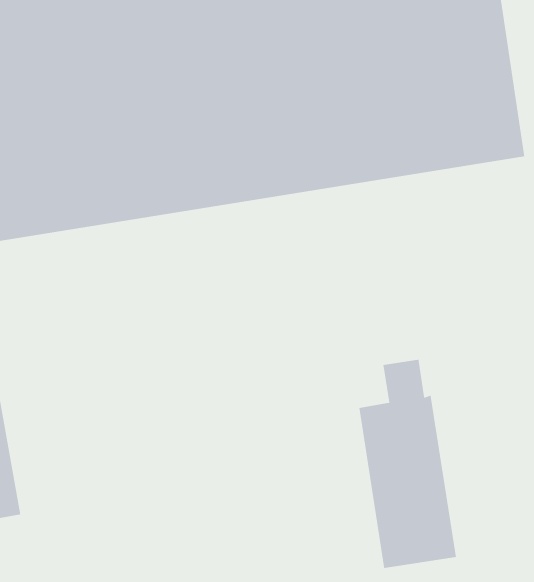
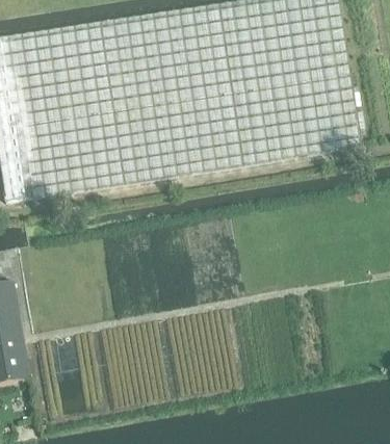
building: [359,359,457,569] -> none

